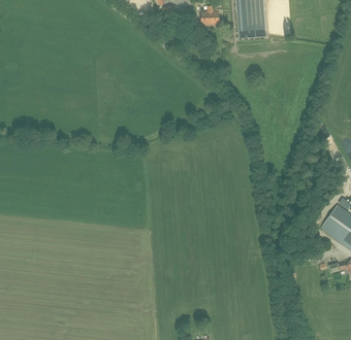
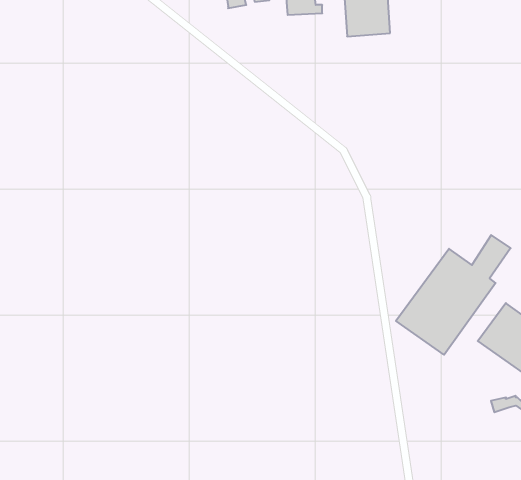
building: none -> [396,235,511,355]

